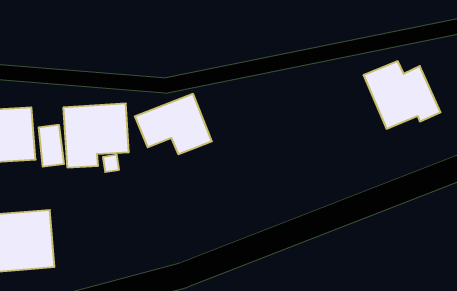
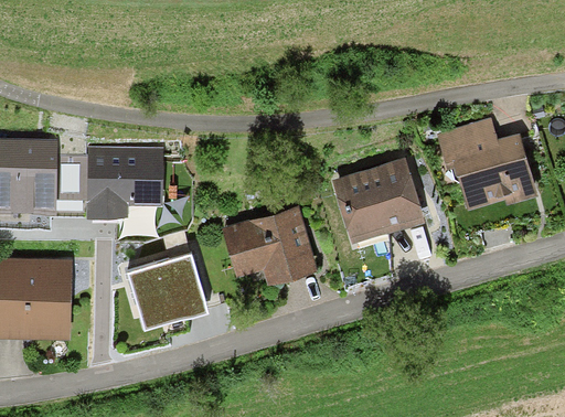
building: [135,94,212,154] -> [224,211,312,280]
building: none -> [338,165,420,236]
building: none -> [130,253,205,324]

